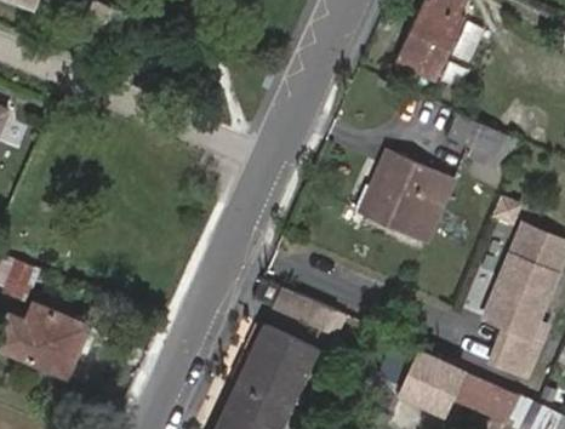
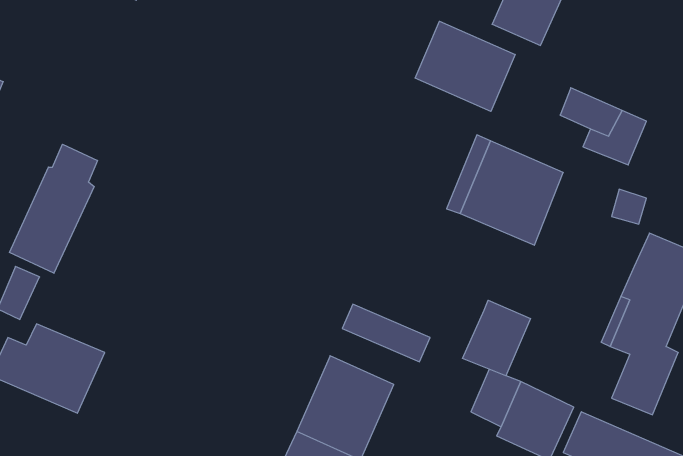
building: none -> [415,21,515,111]
building: none -> [9,144,97,273]
building: none -> [462,300,531,376]

